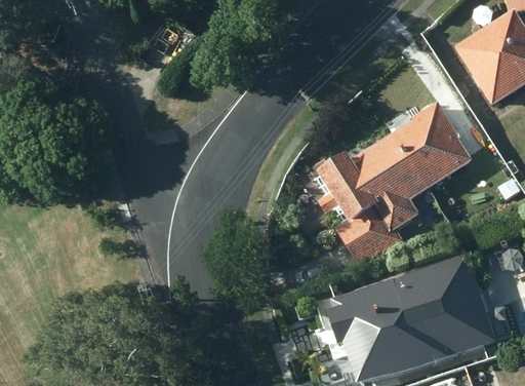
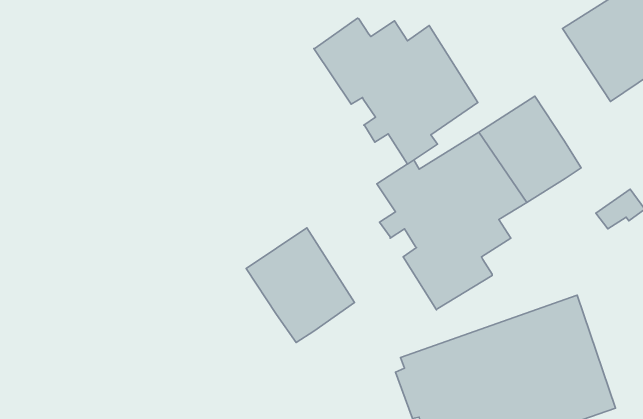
building: none -> [314,18,478,164]
building: none -> [246,228,355,343]

